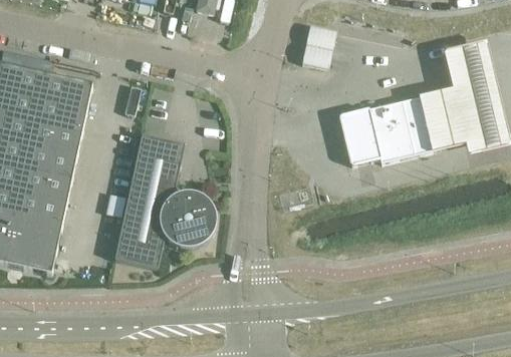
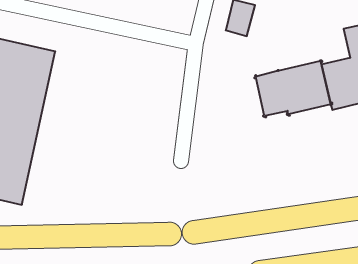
building: [113,131,216,266] -> none

